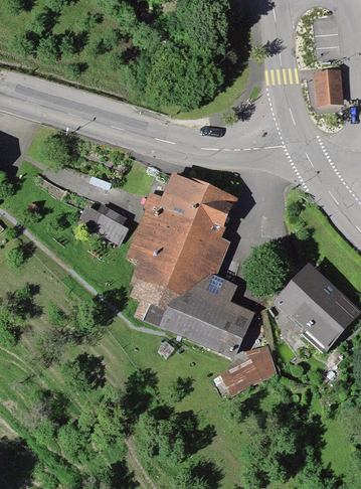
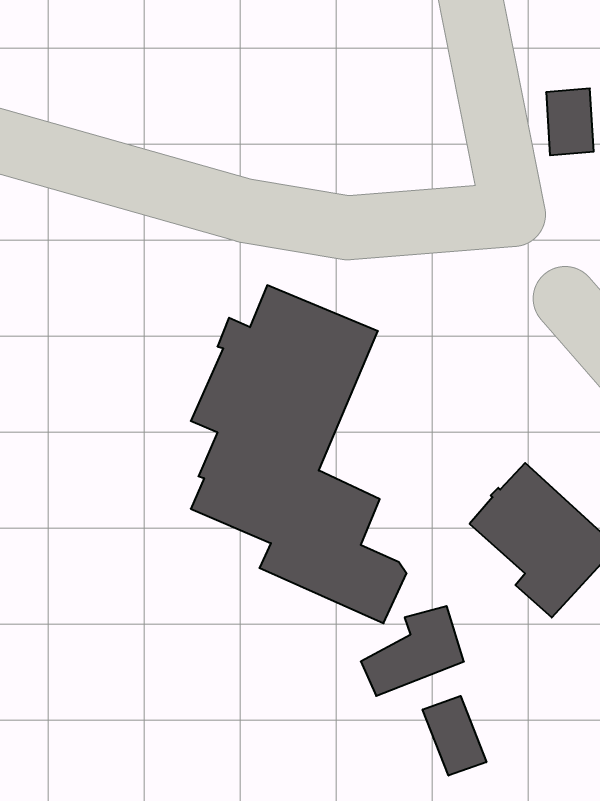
building: [77,205,127,241] -> none
building: none -> [423,696,486,776]

